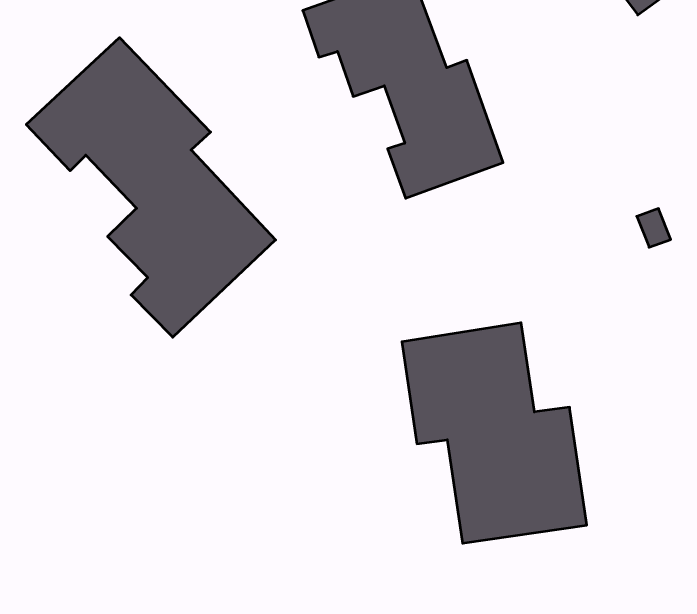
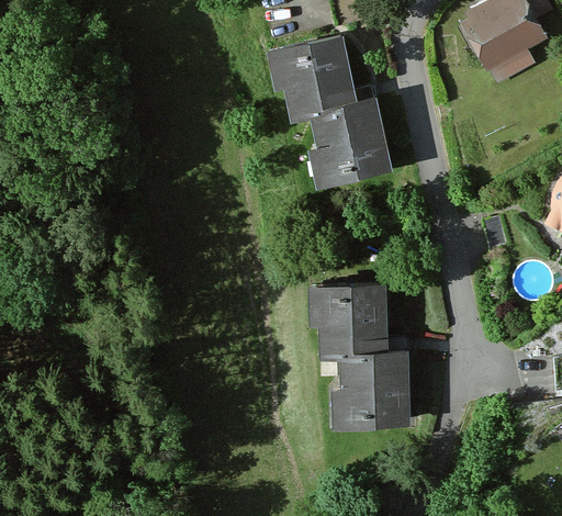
building: [26,38,276,337] -> none

